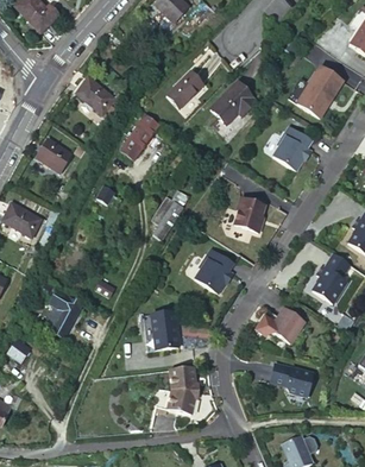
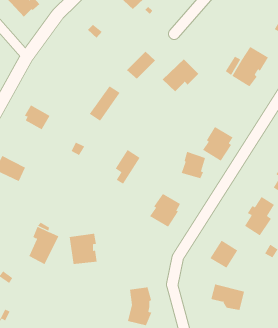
building: [76,76,119,115] -> none
building: [273,126,313,170] -> [202,126,234,161]
building: [144,311,180,351] -> [69,233,98,265]

